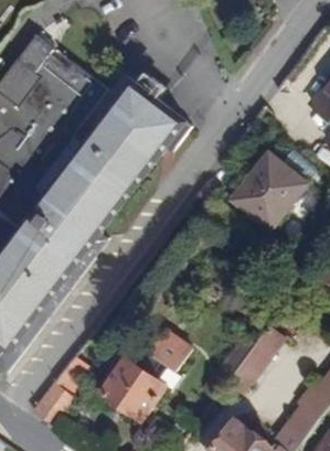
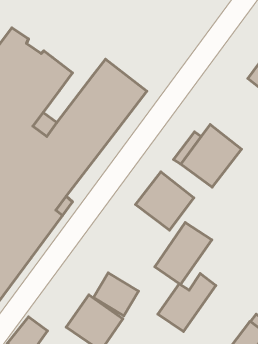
building: none -> [135,172,194,230]
building: none -> [155,223,212,285]

